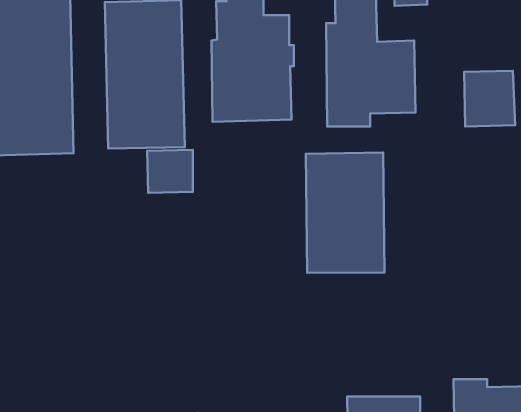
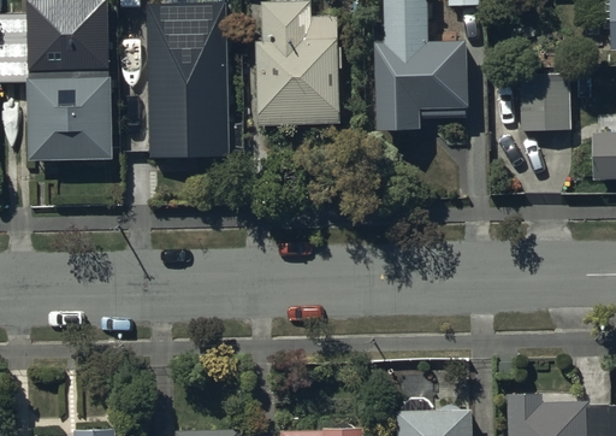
building: [147,150,193,193] -> none
building: [306,152,384,273] -> none

